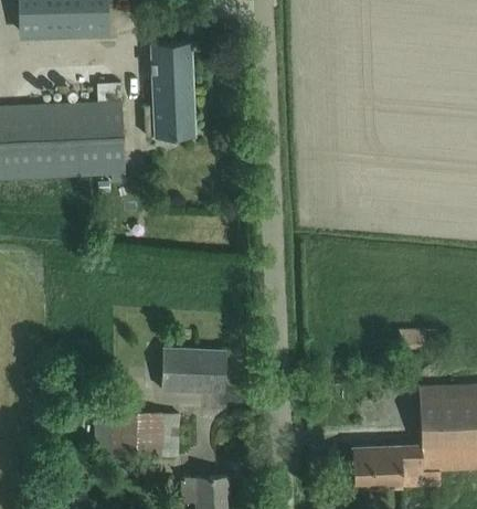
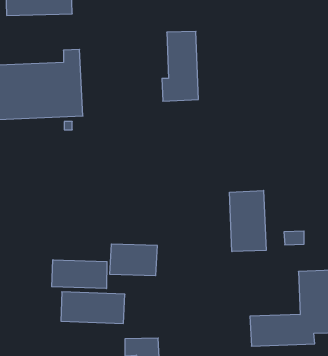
building: [145,42,194,137] -> [162,31,198,101]
building: none -> [230,190,266,252]
building: none -> [52,260,107,289]

